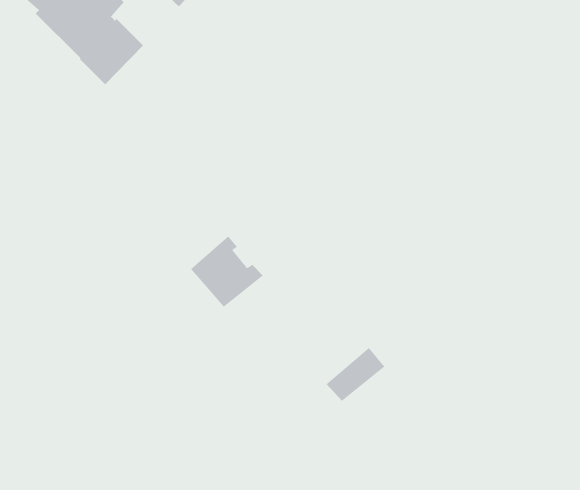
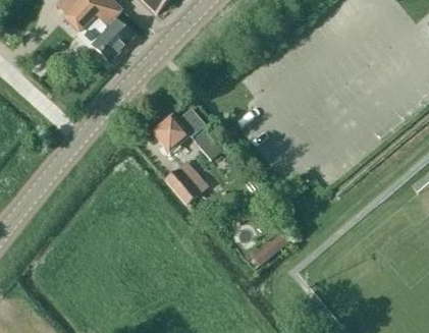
building: none -> [153,114,223,159]

